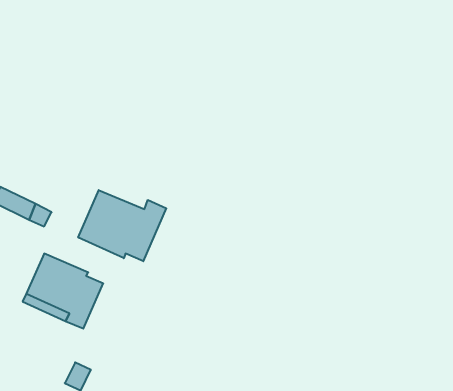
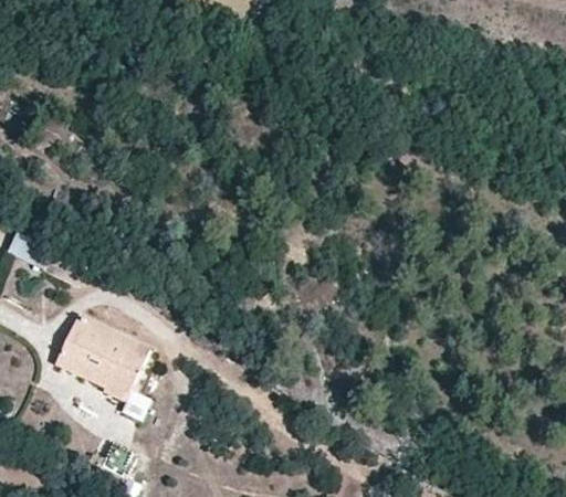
building: [78,190,166,261] -> none

